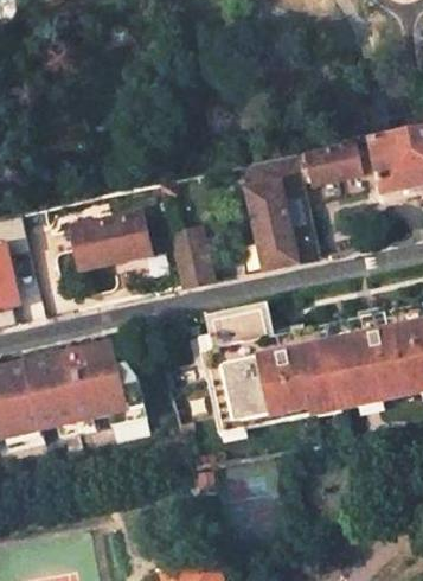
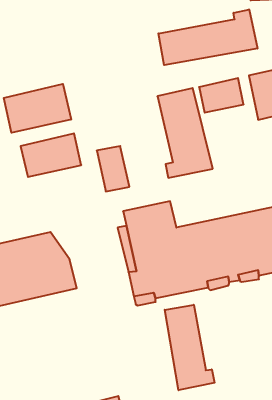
building: none -> [158,9,257,65]
building: none -> [4,84,71,133]
building: none -> [165,305,215,390]

